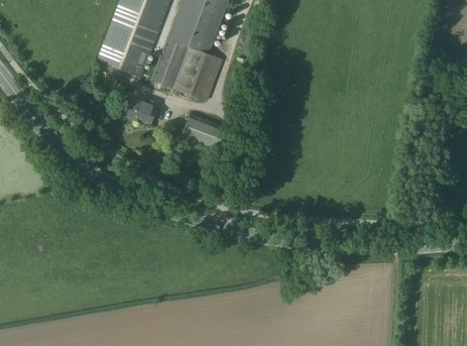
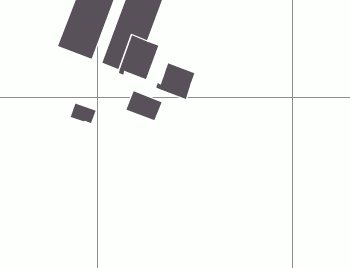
building: none -> [156,63,195,100]
building: [125,99,157,124] -> [70,103,97,124]

